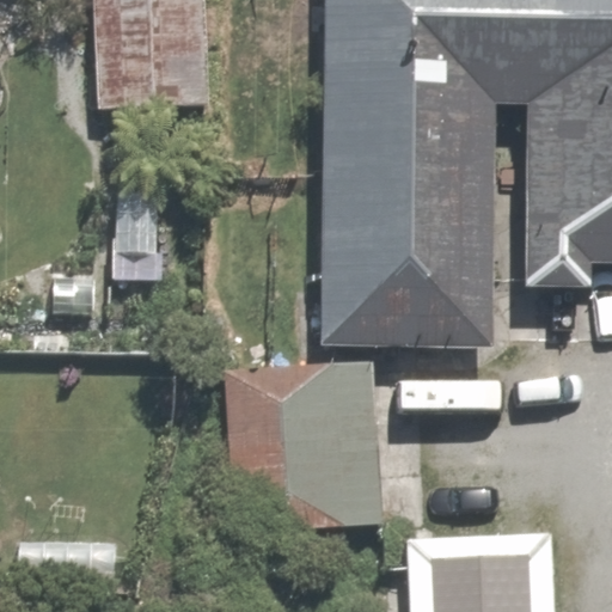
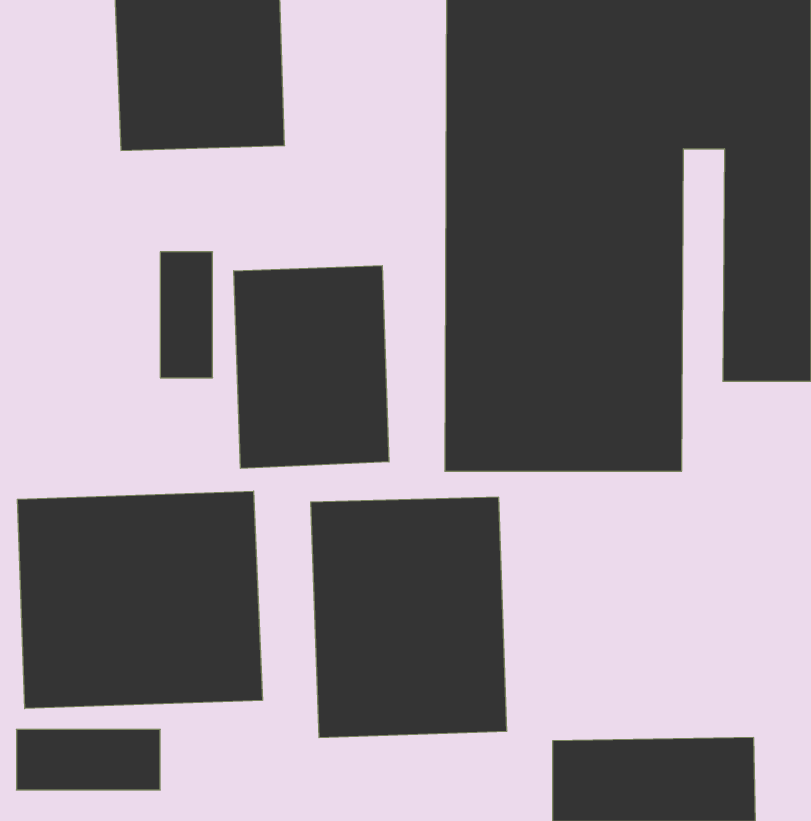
building: none -> [234,266,389,468]
building: none -> [17,491,262,709]

